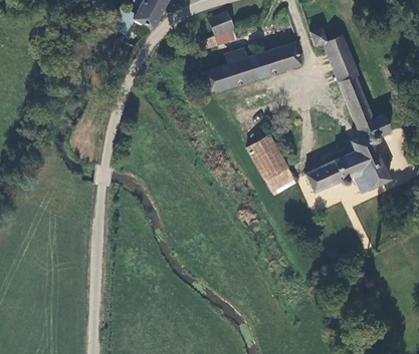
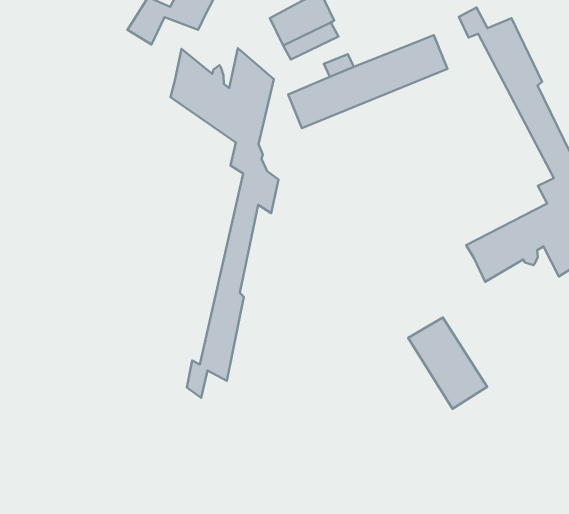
building: none -> [171,48,279,398]
building: [247,133,293,190] -> [408,317,487,409]

